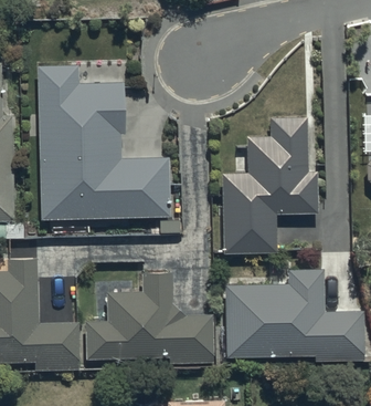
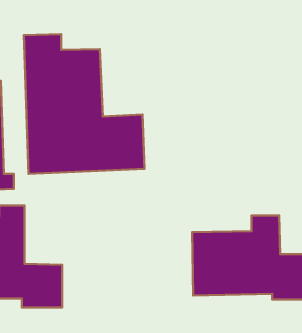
building: [221,117,318,253] -> none
building: [86,274,215,363] -> none

